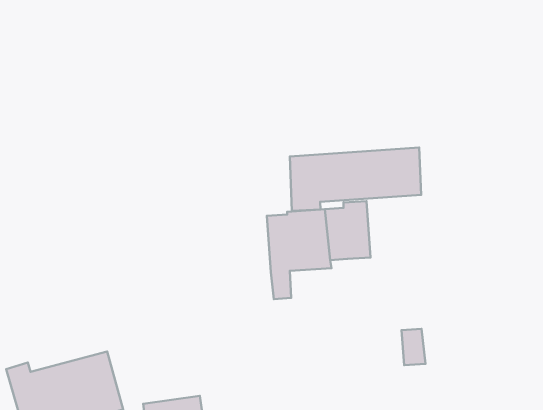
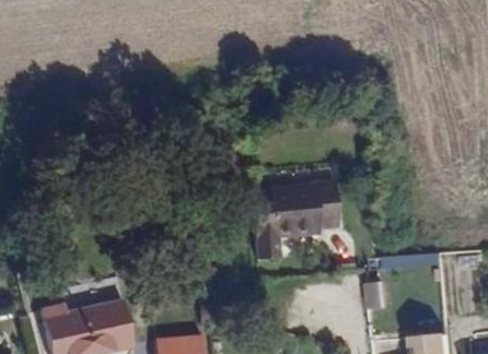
building: [290,147,421,211] -> none

